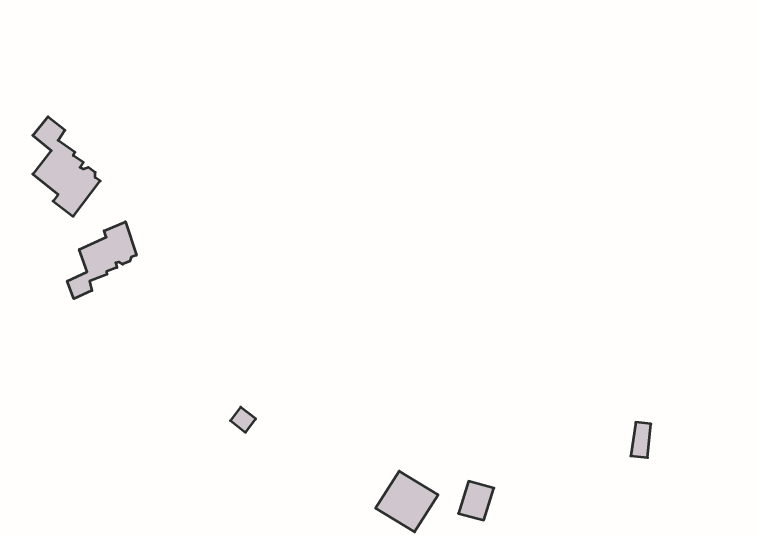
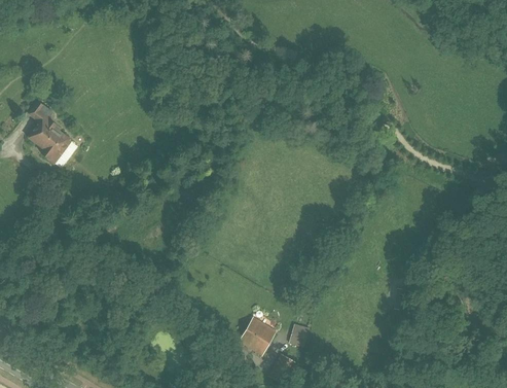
building: [67,222,136,299] -> none

